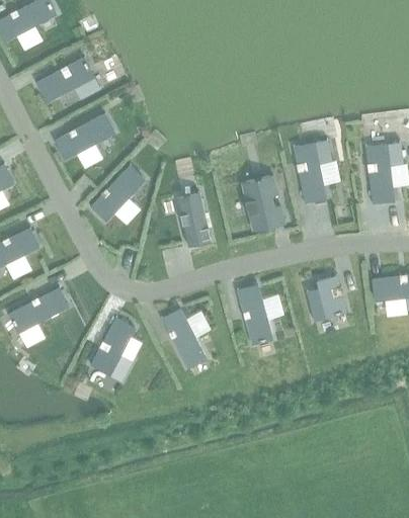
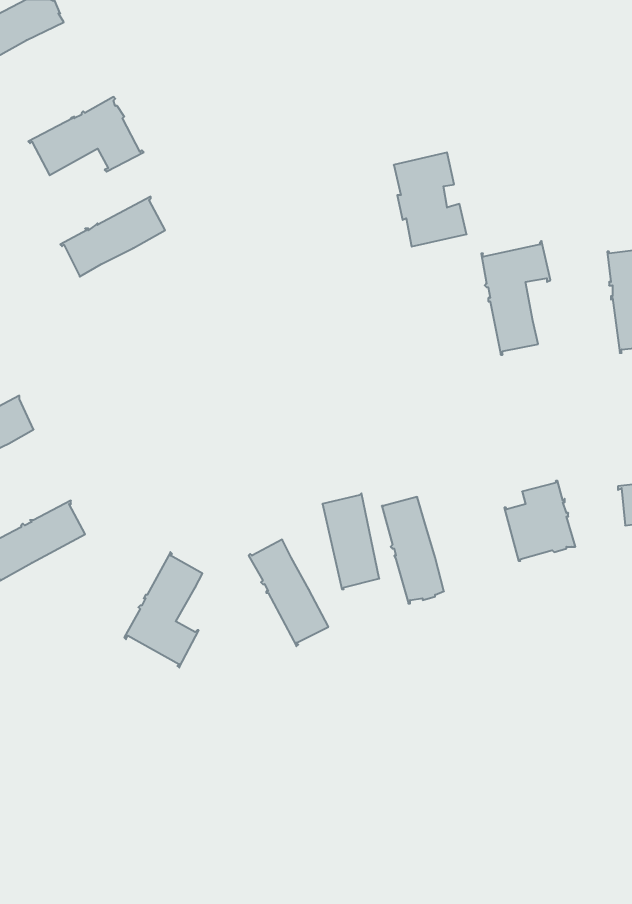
building: [90,165,145,222] -> none
building: [243,177,284,231] -> [394,152,467,247]
building: [177,192,210,247] -> [322,493,379,589]

